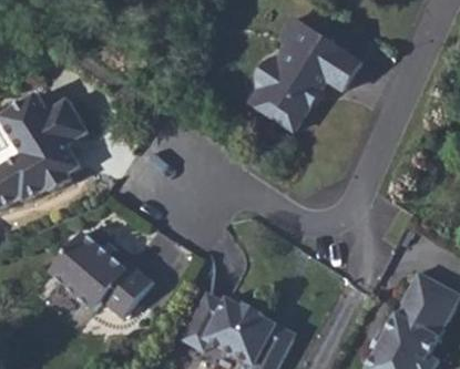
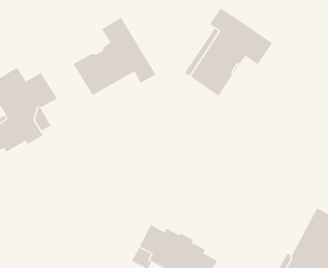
building: none -> [73,17,156,96]
building: [50,232,152,318] -> none

